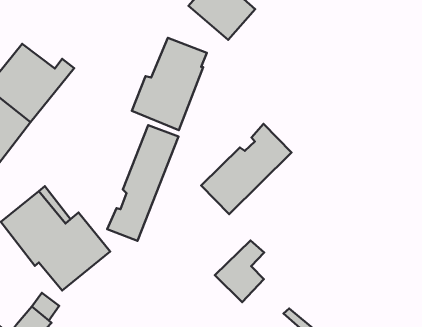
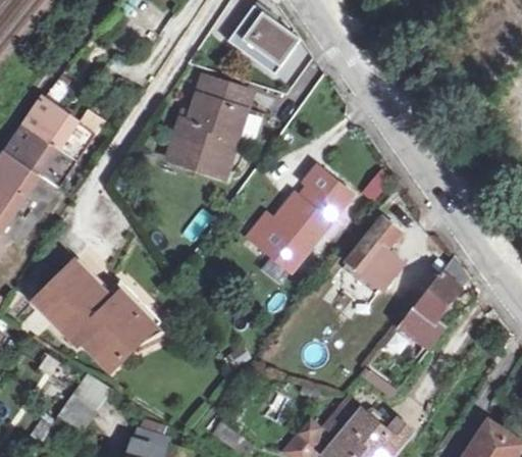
building: [107,125,179,241] -> none
building: none -> [396,258,467,356]
building: [215,241,264,302] -> [345,220,400,290]

